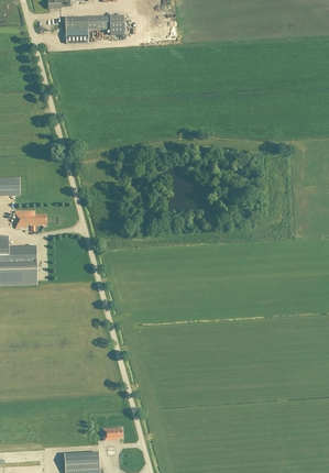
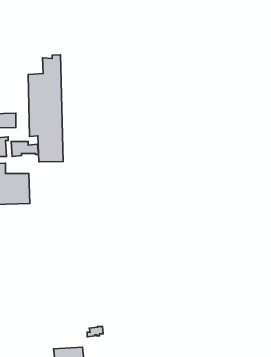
building: none -> [28,55,63,162]

